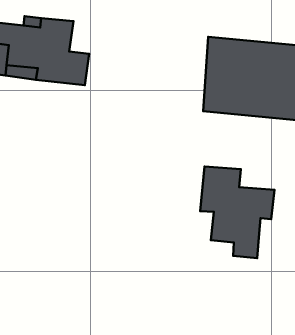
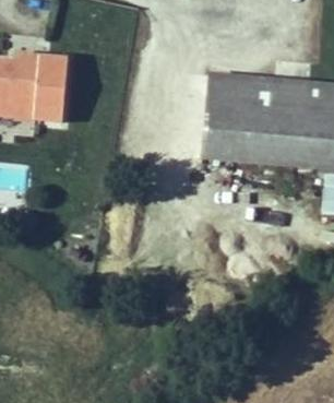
building: [200,167,274,258] -> none

